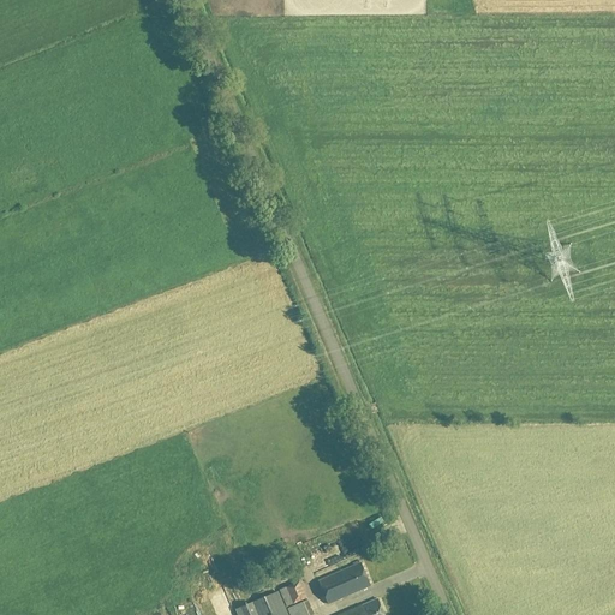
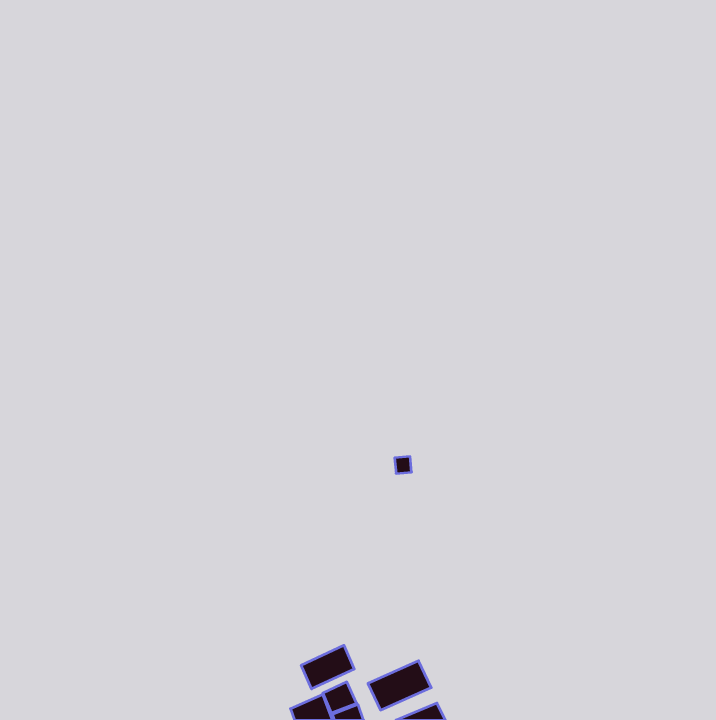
building: none -> [301,645,354,689]

